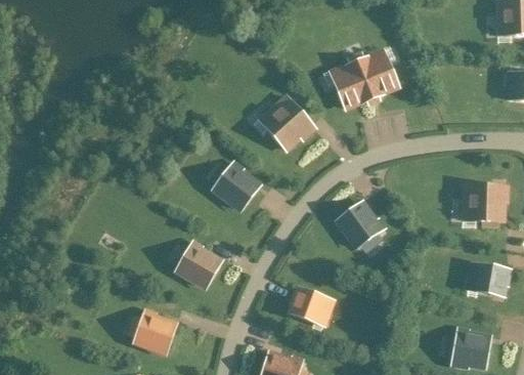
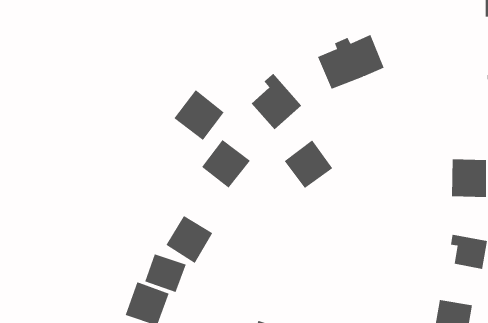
building: none -> [174,89,225,141]
building: [333,198,384,249] -> [284,139,333,189]
building: none -> [144,254,187,293]
building: [291,287,335,323] -> none

